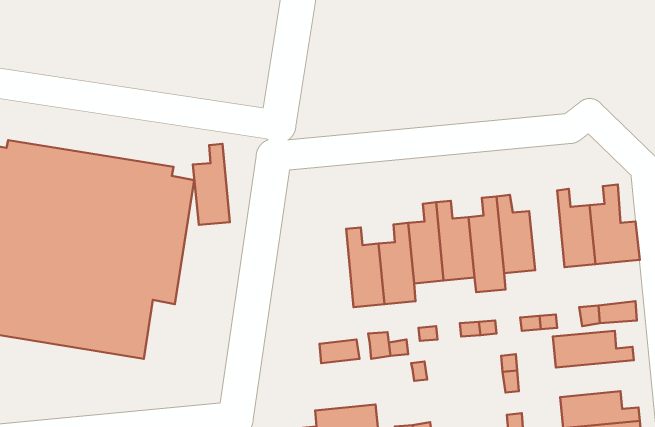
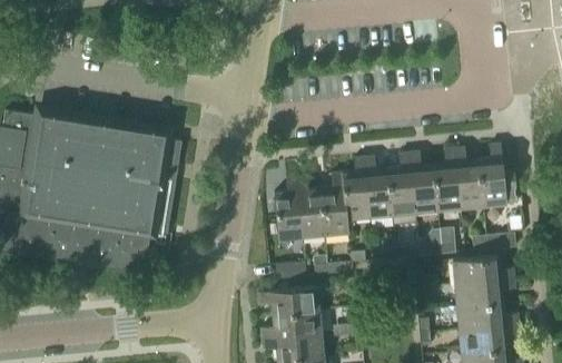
building: [193,144,230,225] -> [273,178,300,239]
building: none -> [433,149,460,209]
building: none -> [453,277,513,305]
building: none -> [256,287,317,315]

